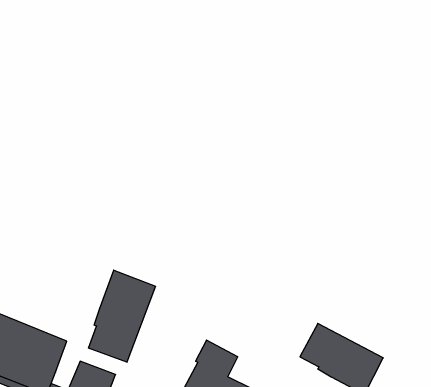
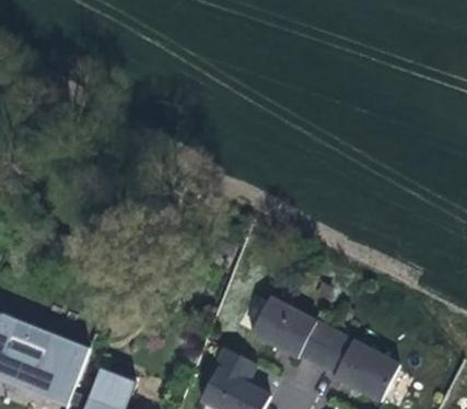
building: [88,270,155,362] -> none
building: none -> [250,299,334,364]

